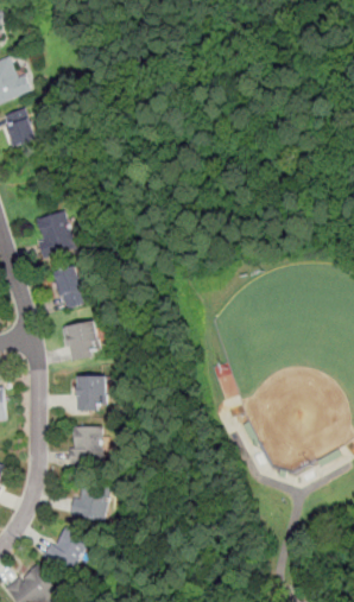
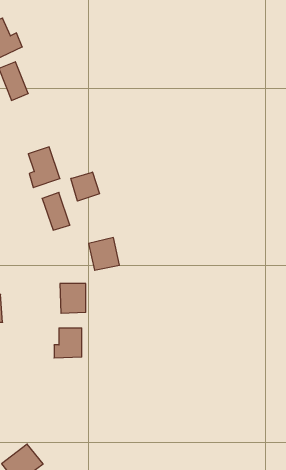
building: none -> [71,172,100,201]
building: [64,319,101,359] -> [89,238,119,270]
building: [69,480,109,526] -> none
building: [43,525,89,576] -> none

